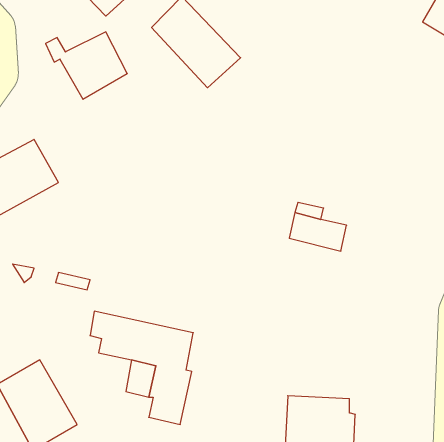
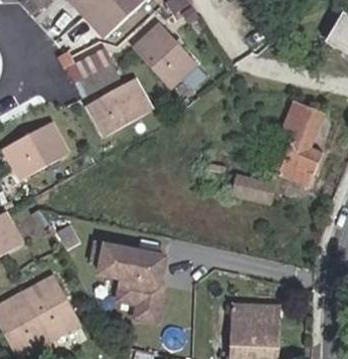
building: none -> [89,77,152,134]
building: none -> [268,101,322,187]

